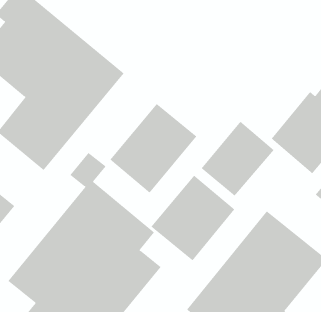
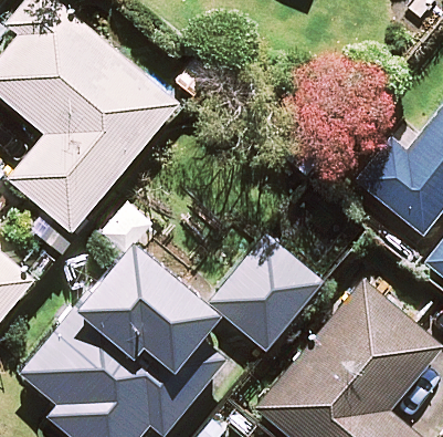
building: [109,103,197,194] -> none
building: [201,121,274,197] -> none

